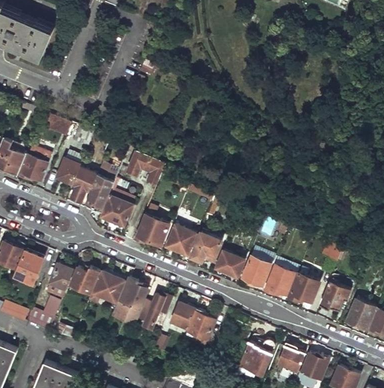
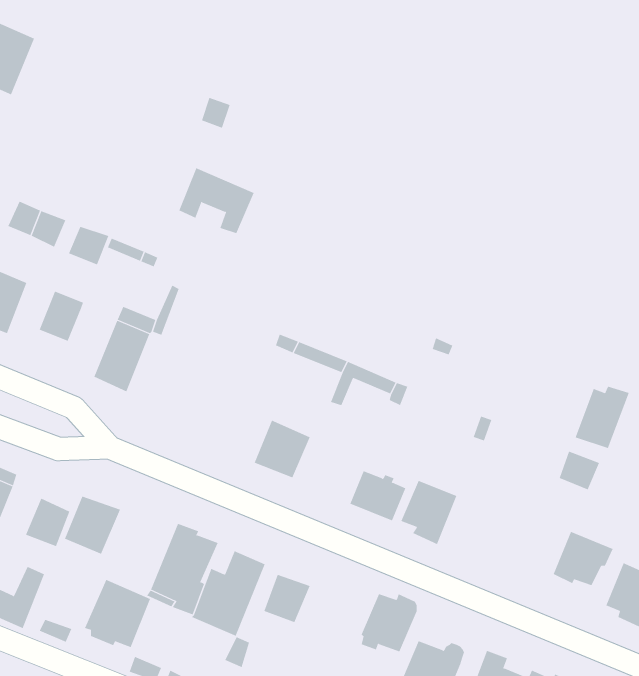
building: [127,149,166,183] -> [178,168,255,234]
building: [70,168,94,202] -> none
building: [99,196,132,229] -> none
building: none -> [575,386,630,449]
building: [135,214,169,245] -> none
building: [192,234,221,265] -> none
building: [264,264,294,297] -> none
building: [91,269,125,304] -> [84,579,151,648]
building: [288,273,319,306] -> none
building: [187,311,216,341] -> [361,594,418,652]

